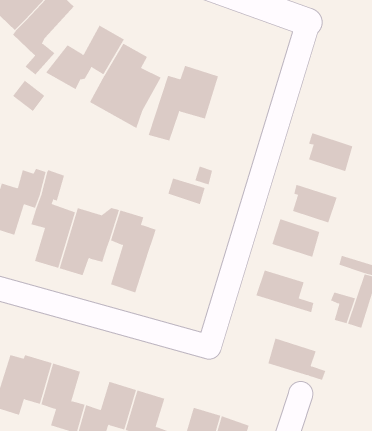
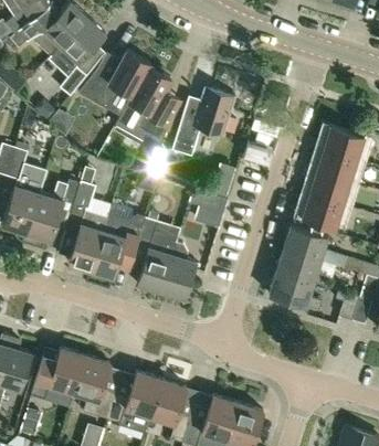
building: none -> [319,126,365,160]
building: none -> [305,172,350,206]
building: none -> [160,242,197,299]
building: [268,338,326,381] -> [276,248,329,287]

